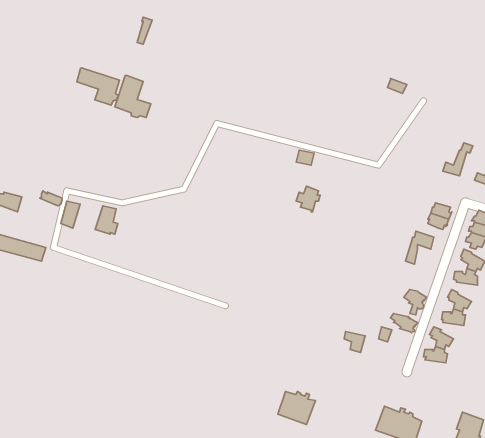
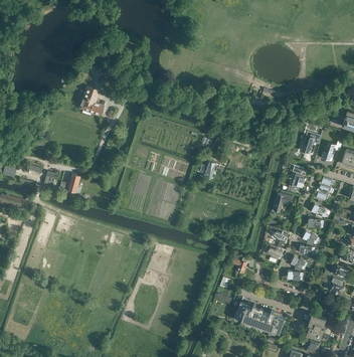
building: [77,68,119,105] -> none
building: [278,392,315,425] -> [234,303,259,325]

